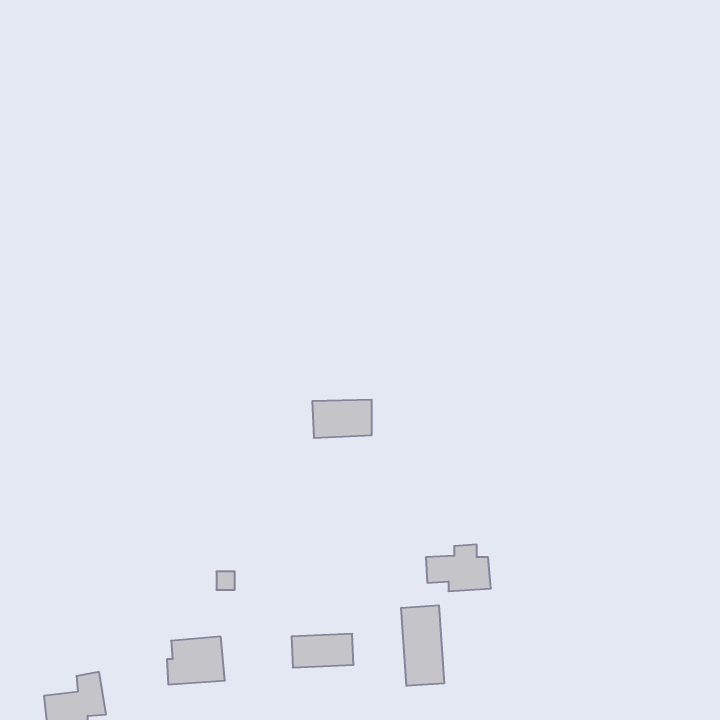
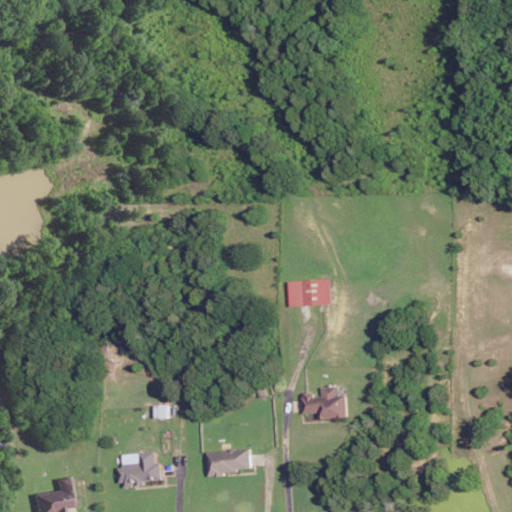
building: [312,400,372,438] -> [288,280,330,307]
building: [401,605,444,686] -> none

